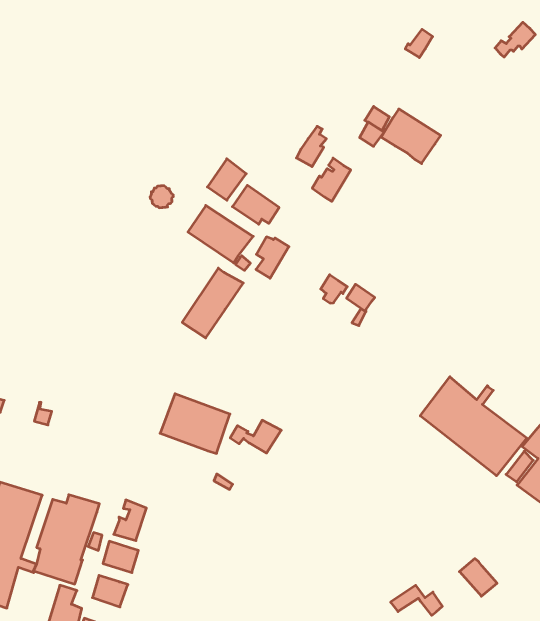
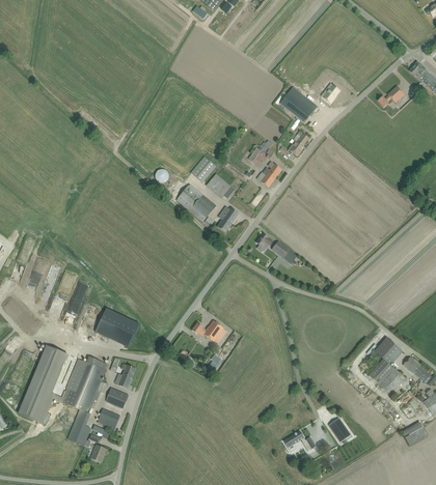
building: [381,109,441,164] -> [280,87,318,122]
building: [182,268,243,338] -> none
building: [420,377,527,476] -> none
building: [160,394,230,453] -> [94,308,139,347]

